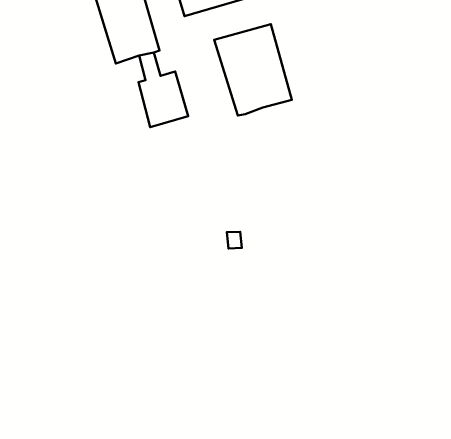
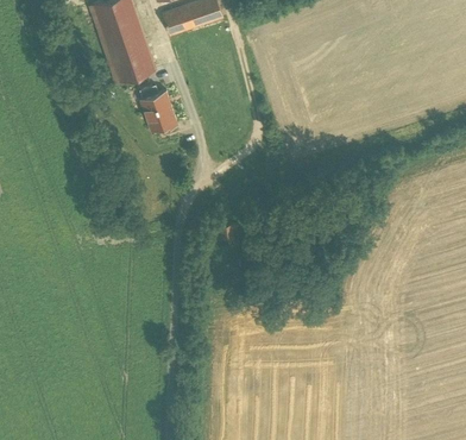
building: [214,24,292,116] -> none

